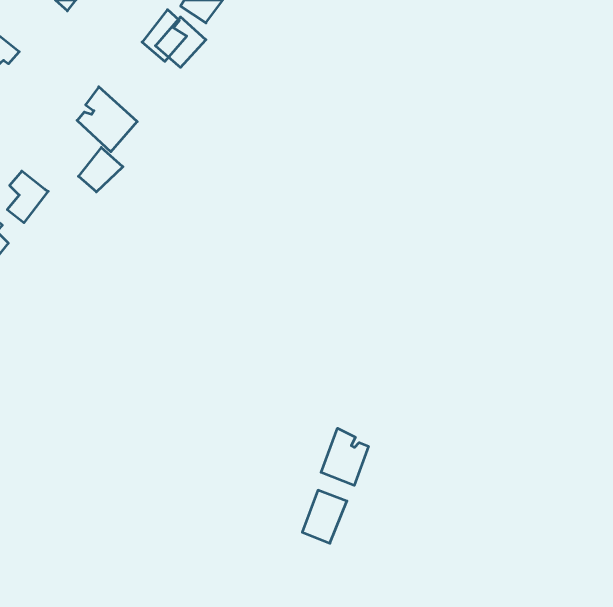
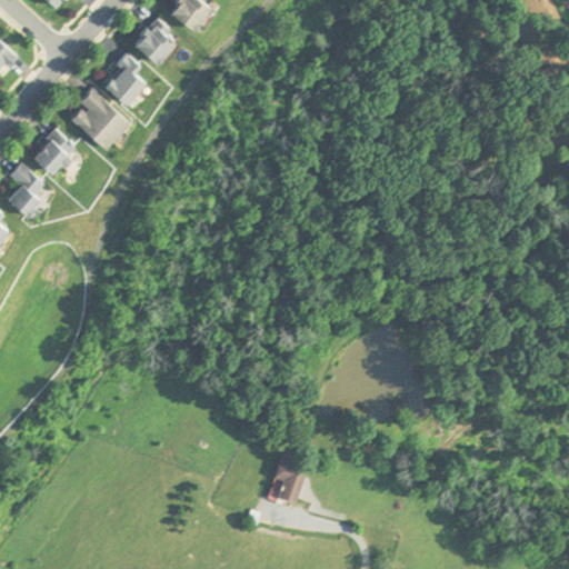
building: none -> [103,54,148,103]
building: [78,147,123,192] -> [32,131,73,172]
building: [321,428,368,485] -> none

